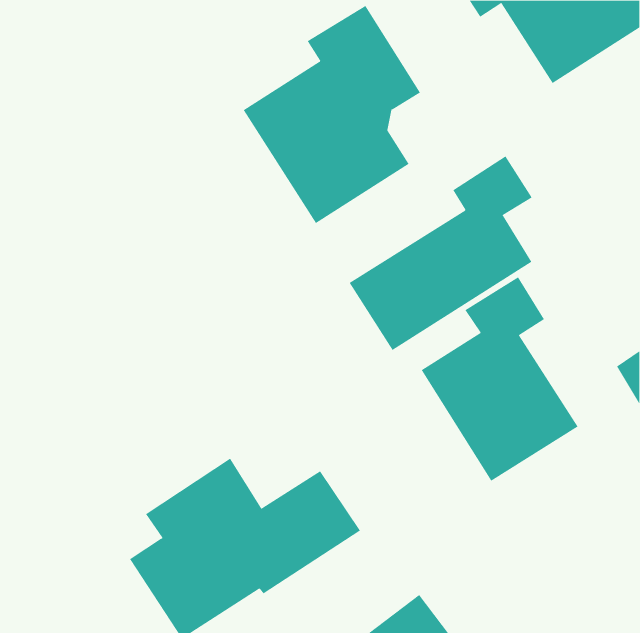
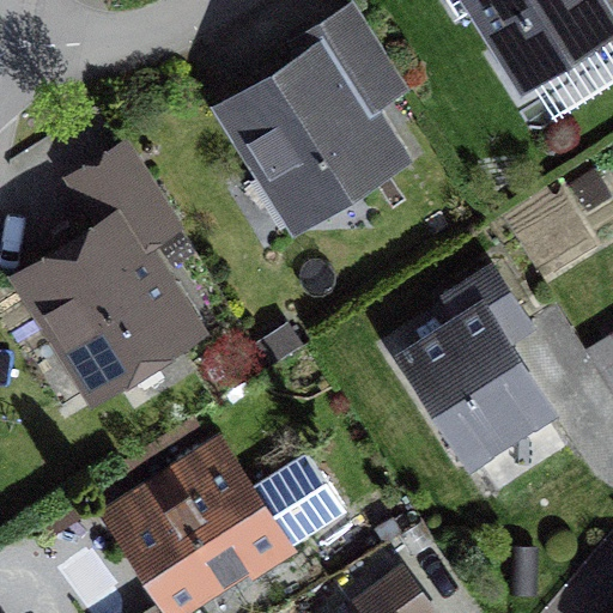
building: none -> [26,146,189,393]
building: [349,156,532,351] -> none

